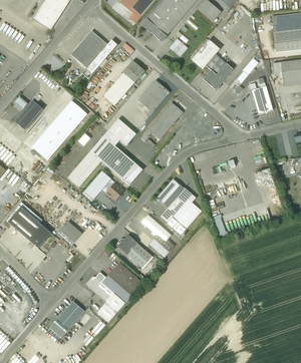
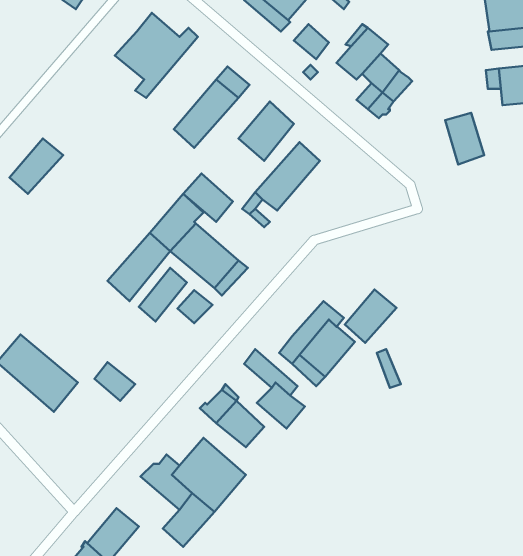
building: [31,102,83,159] -> none
building: [156,178,184,208] -> [345,289,397,343]

